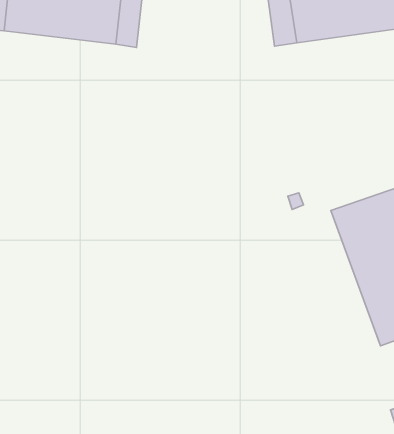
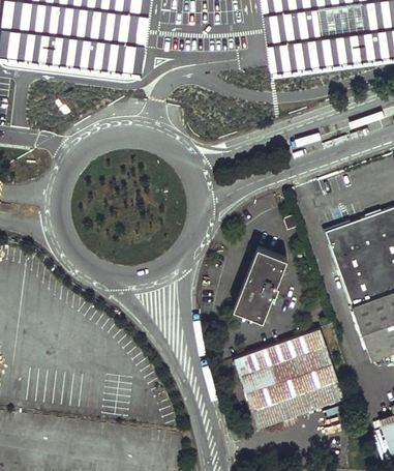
building: none -> [235,248,286,321]
building: none -> [232,329,344,429]

